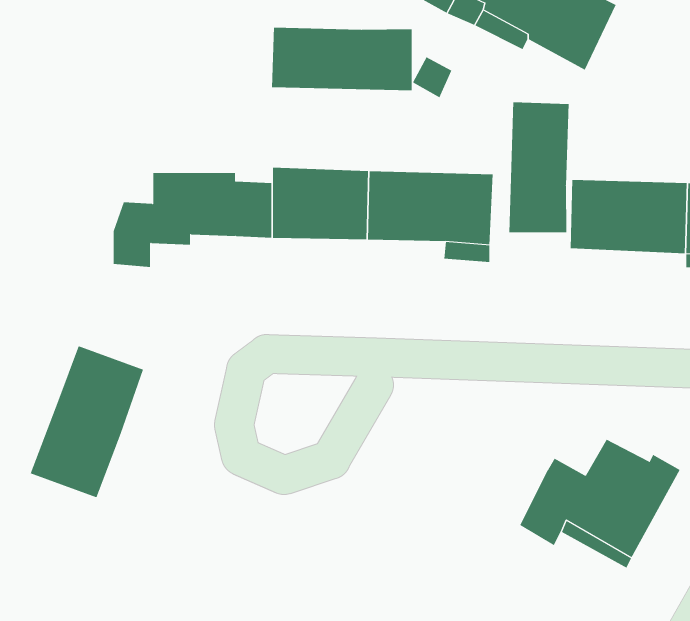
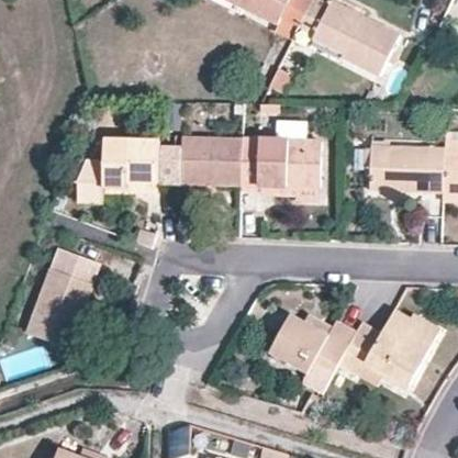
building: [272,27,412,91] -> none
building: [509,102,569,233] -> none
building: none -> [270,313,355,377]

